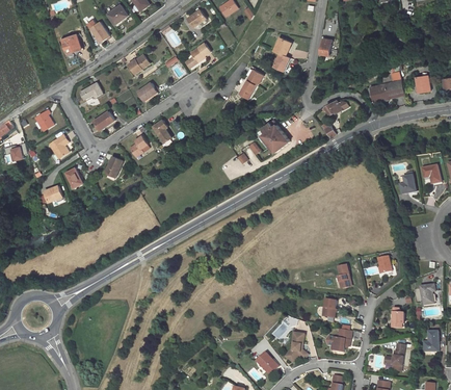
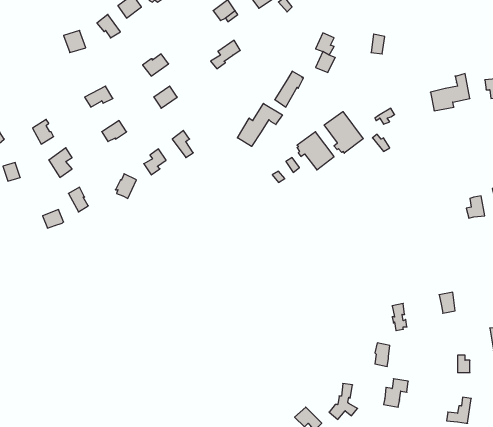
building: none -> [237,103,282,146]
building: none -> [324,112,363,153]

